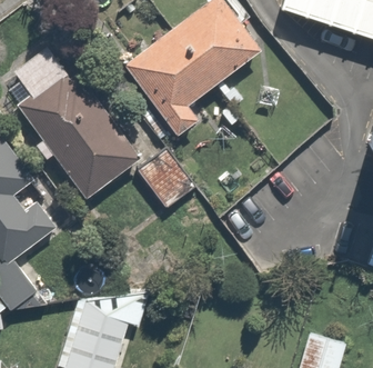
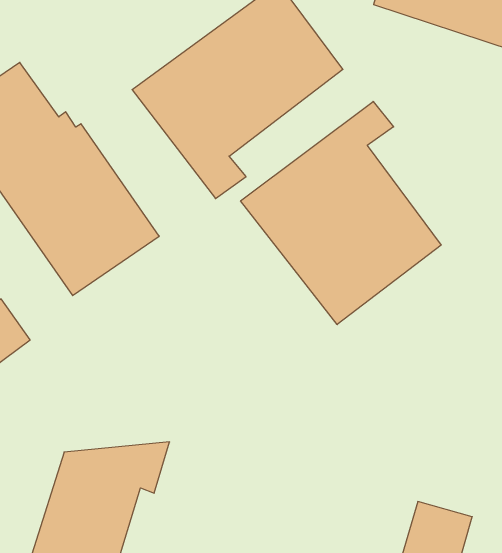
building: none -> [241,101,441,325]
building: [138,149,195,209] -> none

